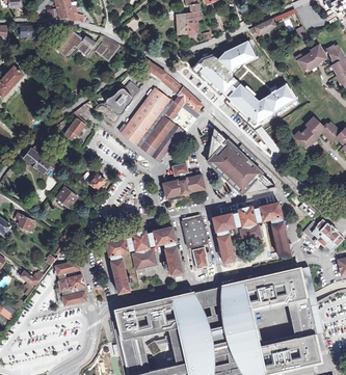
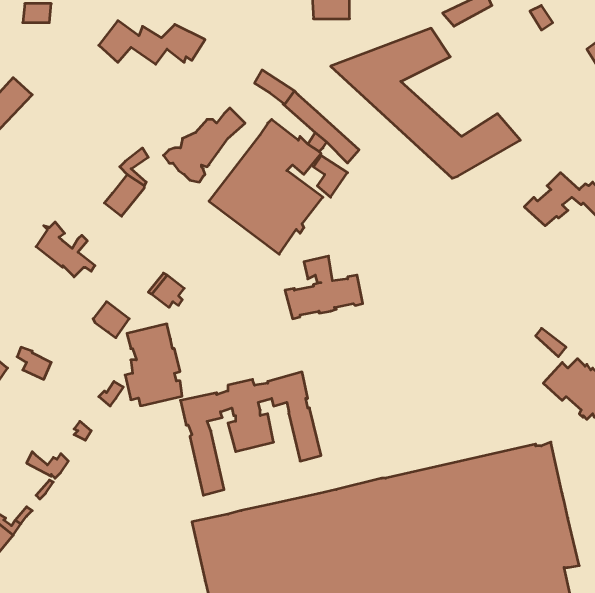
building: [296,45,327,71] -> none
building: [207,130,272,194] -> none
building: [210,199,288,260] -> none
building: [182,217,208,269] -> none
building: [54,261,85,305] -> [125,324,182,406]

